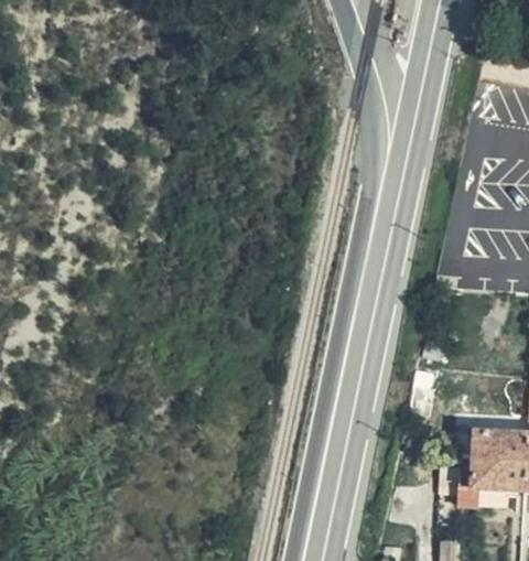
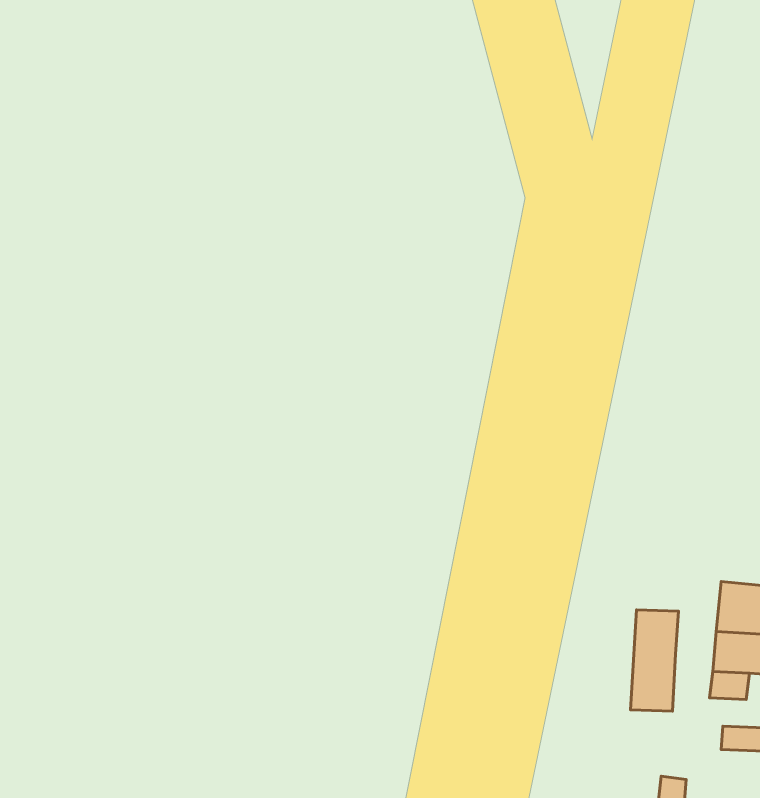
building: none -> [631,610,678,711]

